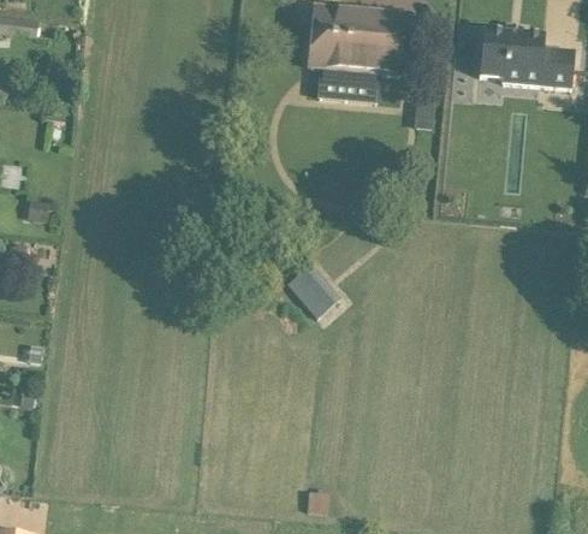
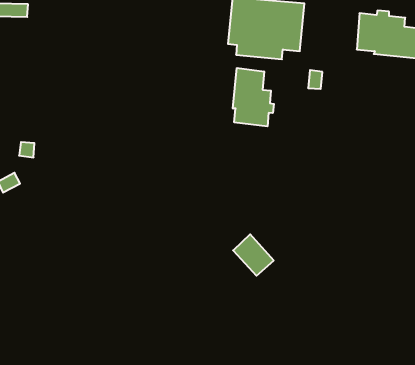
building: none -> [233,68,274,126]
building: [286,261,340,316] -> [233,234,274,276]

